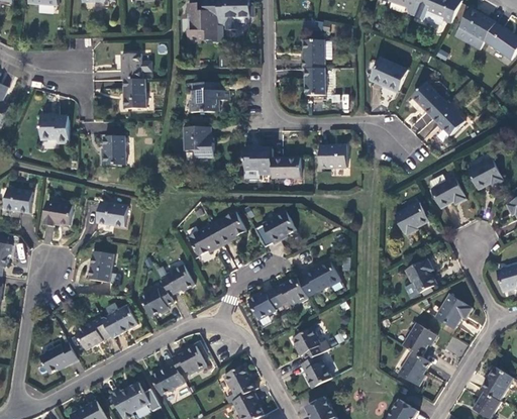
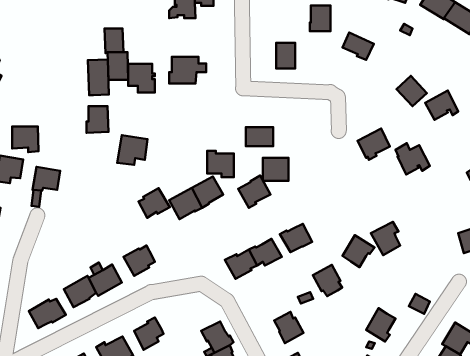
building: [301,40,323,68] -> [310,5,331,31]
building: [411,82,446,117] -> none
building: none -> [88,59,109,95]
building: [39,114,68,141] -> [12,127,39,152]
building: [183,126,211,156] -> [128,64,155,92]
building: [242,145,271,174] -> [207,151,234,177]
building: [318,145,345,170] -> [263,158,289,181]
building: [469,158,504,189] -> [425,91,458,120]
building: [96,200,128,231] -> [117,135,148,165]
building: [395,202,429,235] -> [358,128,390,160]
building: [90,250,115,282] -> none
building: [162,264,195,295] -> [139,188,170,218]
building: [435,294,472,327] -> none
building: [403,322,437,356] -> [342,235,375,267]
building: [292,327,323,360] -> [313,265,342,296]
building: [172,344,206,374] -> none

